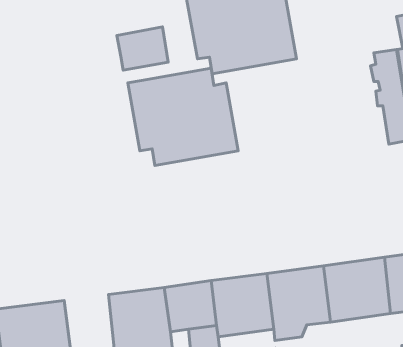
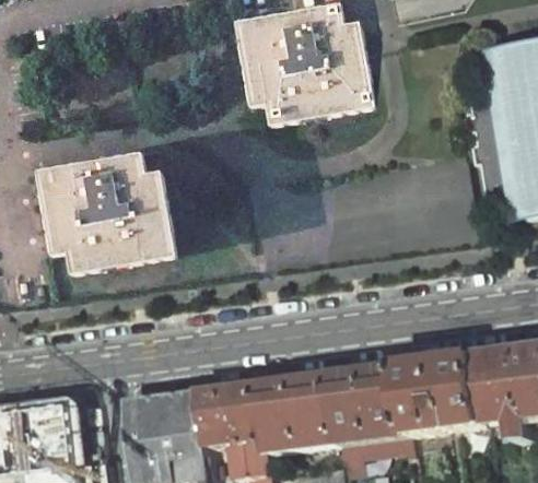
building: [117,27,168,70] -> none
building: [128,68,238,165] -> [36,150,175,272]

